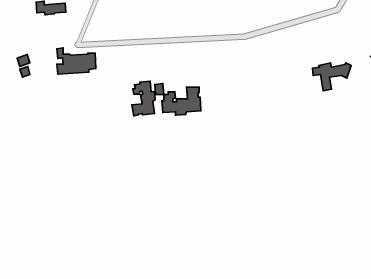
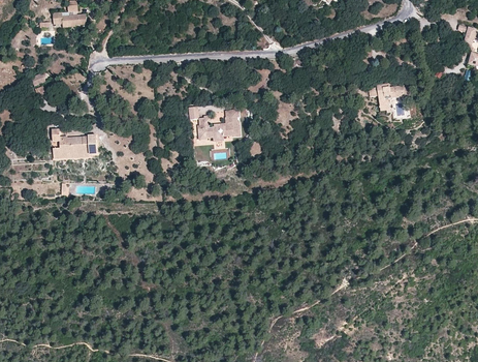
building: [57,48,96,74] -> [54,128,98,158]
building: [132,81,155,116] -> none

